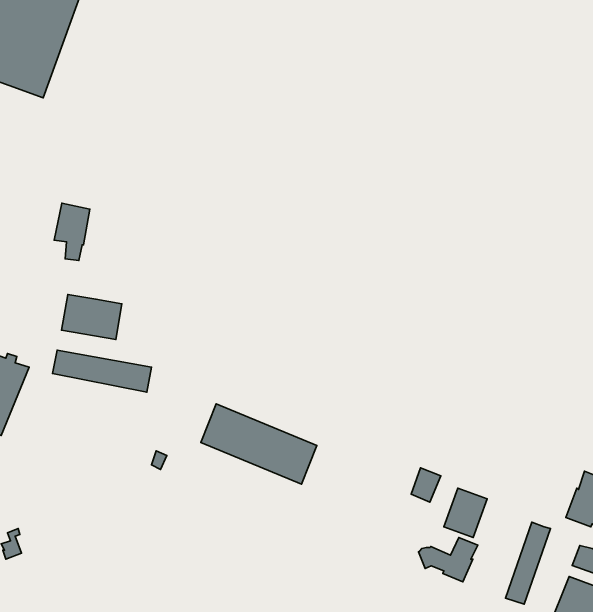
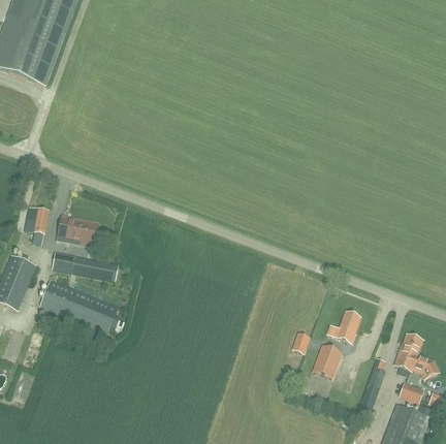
building: [54,203,90,260] -> [25,207,49,245]
building: [201,404,317,484] -> [40,280,118,334]
building: none -> [334,312,360,343]
building: [418,538,478,582] -> none

